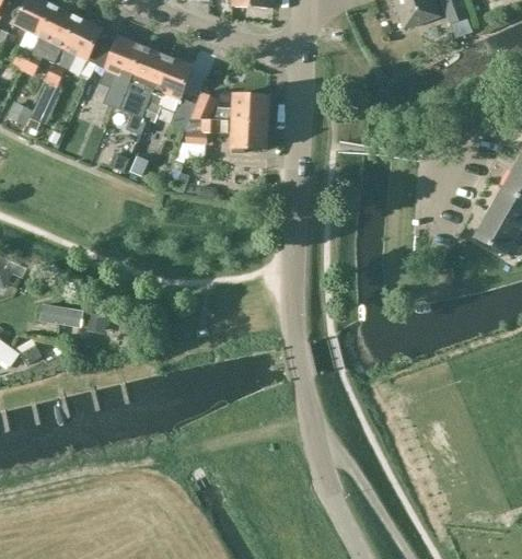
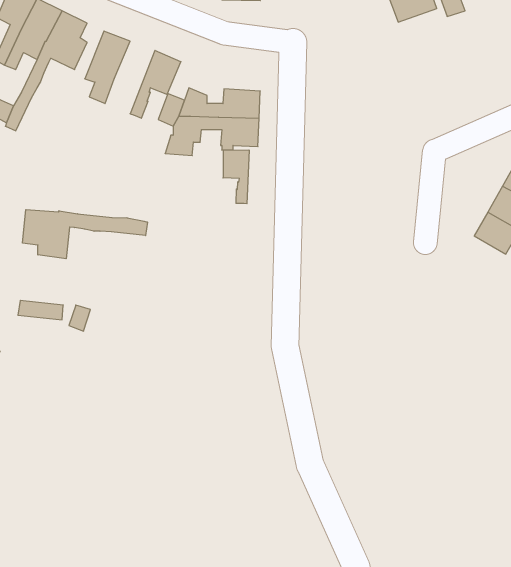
building: [119,47,167,133] -> none
building: none -> [223,150,249,204]
building: none -> [23,210,147,259]

